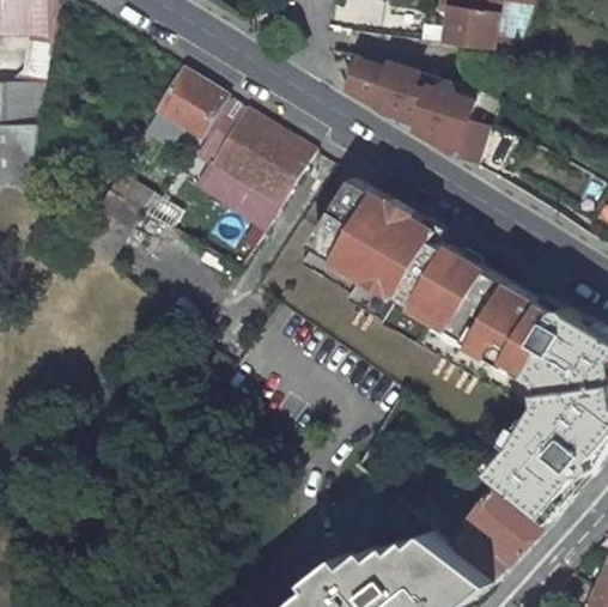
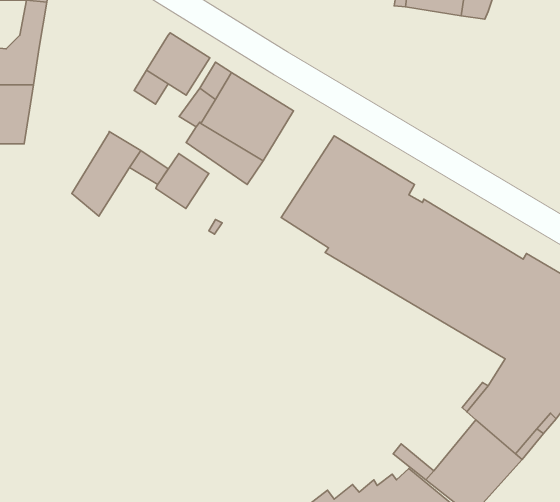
building: [348,57,499,166] -> none
building: none -> [156,154,209,209]

